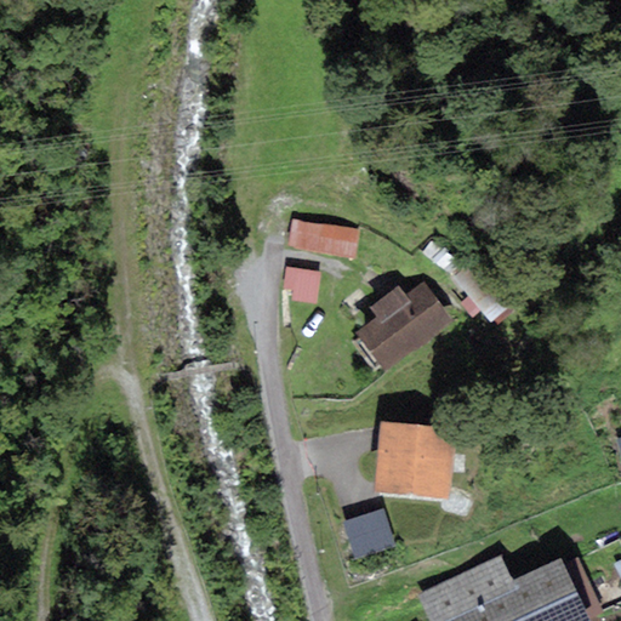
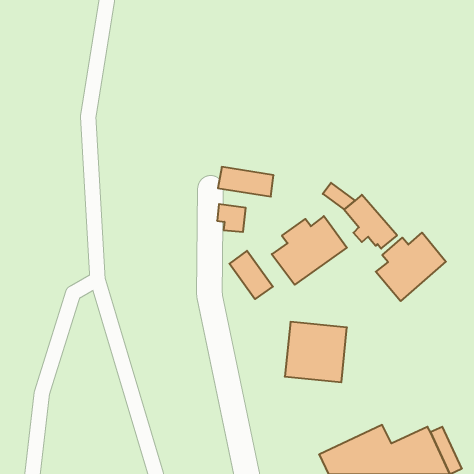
building: none -> [376,233,446,301]
building: none -> [229,251,273,299]
building: [342,509,395,560] -> none

